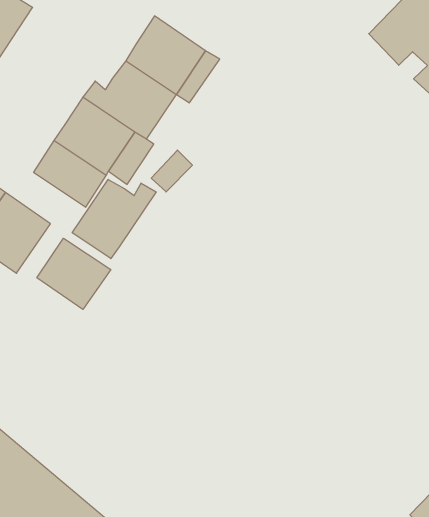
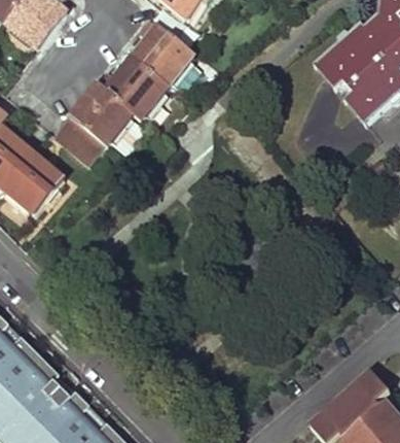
building: [72,179,156,259] -> none
building: [37,238,111,309] -> none

